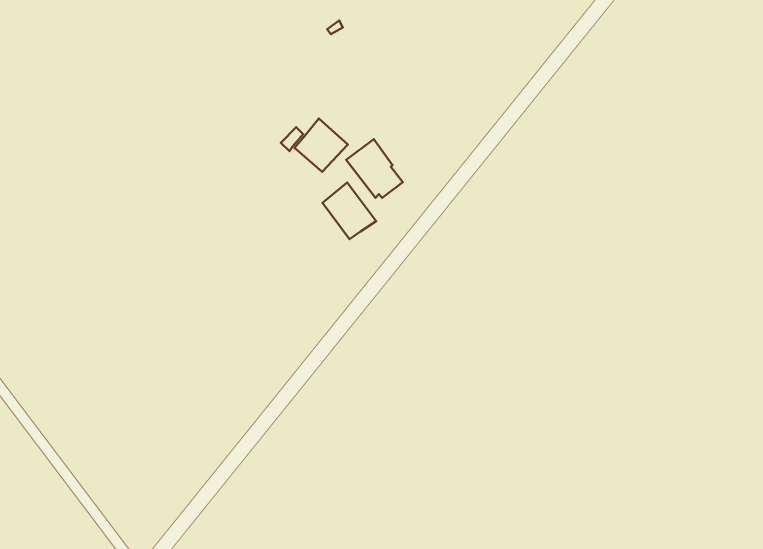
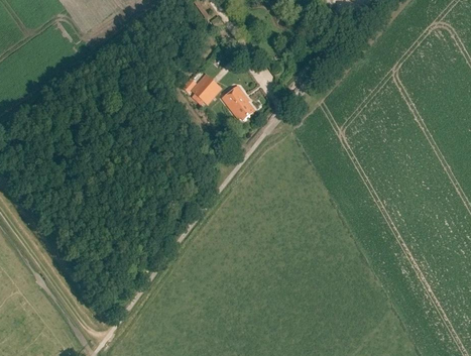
building: [322,182,376,239] -> none

